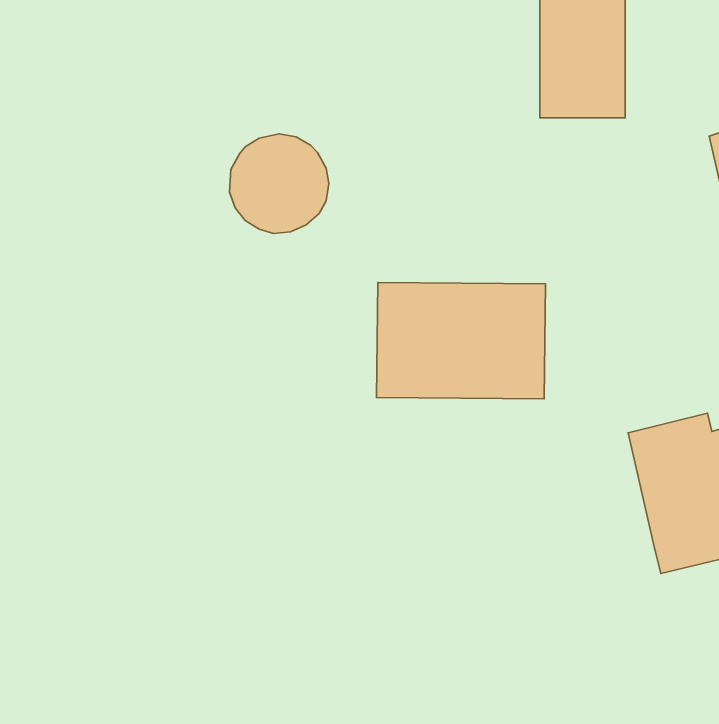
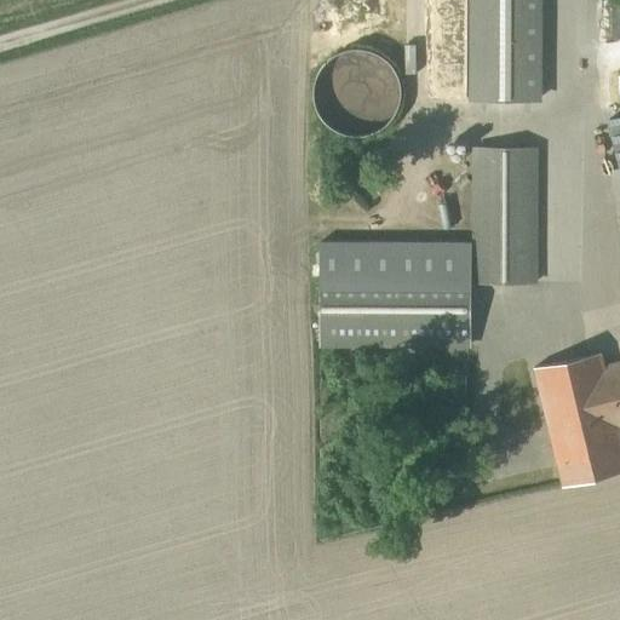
building: [229,134,329,233] -> [312,47,397,132]
building: none -> [473,150,538,285]

